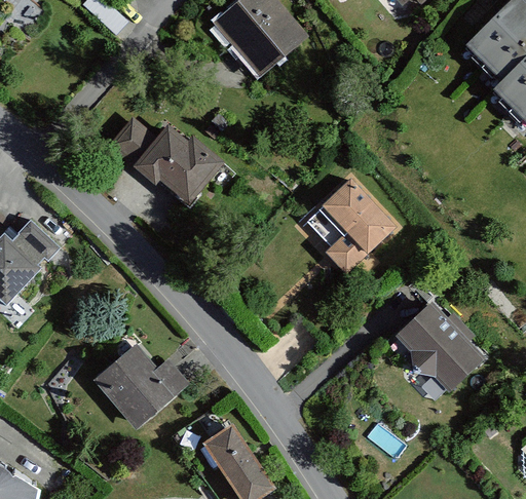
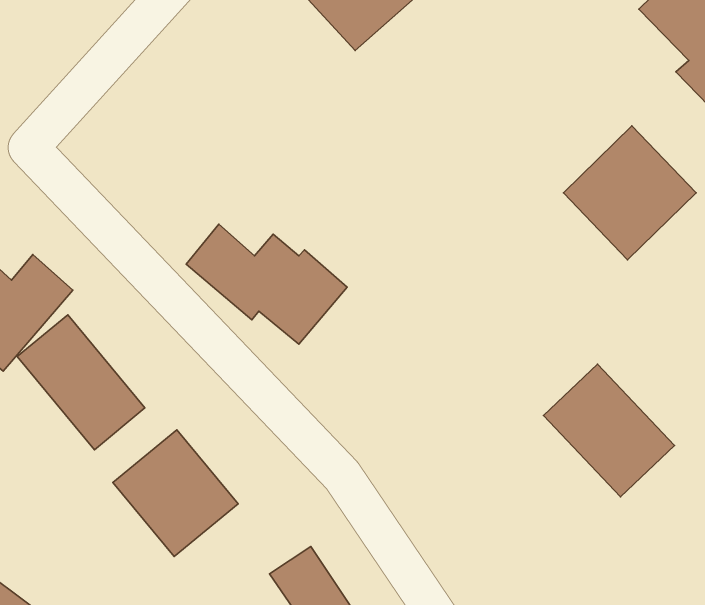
building: [106,117,222,203] -> [186,224,347,344]
building: [303,178,399,274] -> [563,126,696,260]
building: none -> [17,315,145,450]

